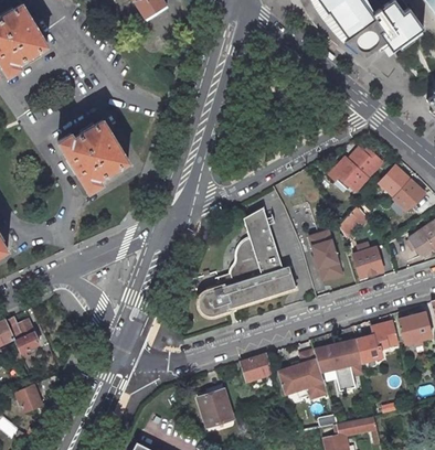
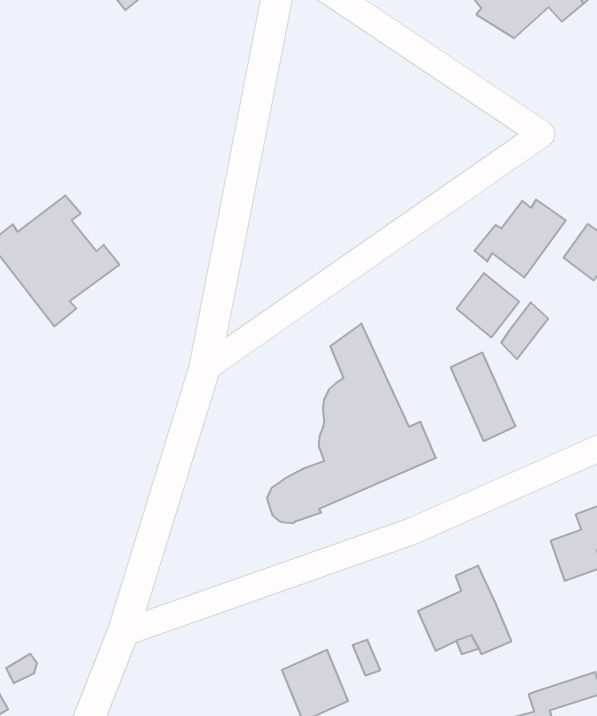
building: none -> [457,273,519,337]
building: [353,247,383,277] -> none
building: [314,340,363,392] -> none
building: [241,354,272,382] -> none

